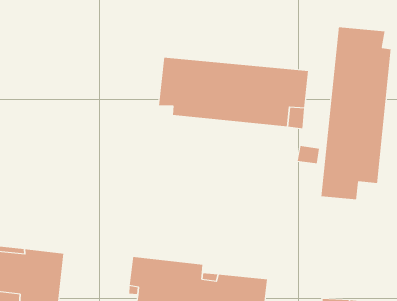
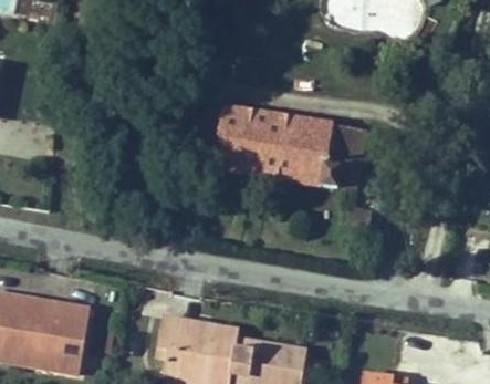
building: [321,27,391,200] -> none

